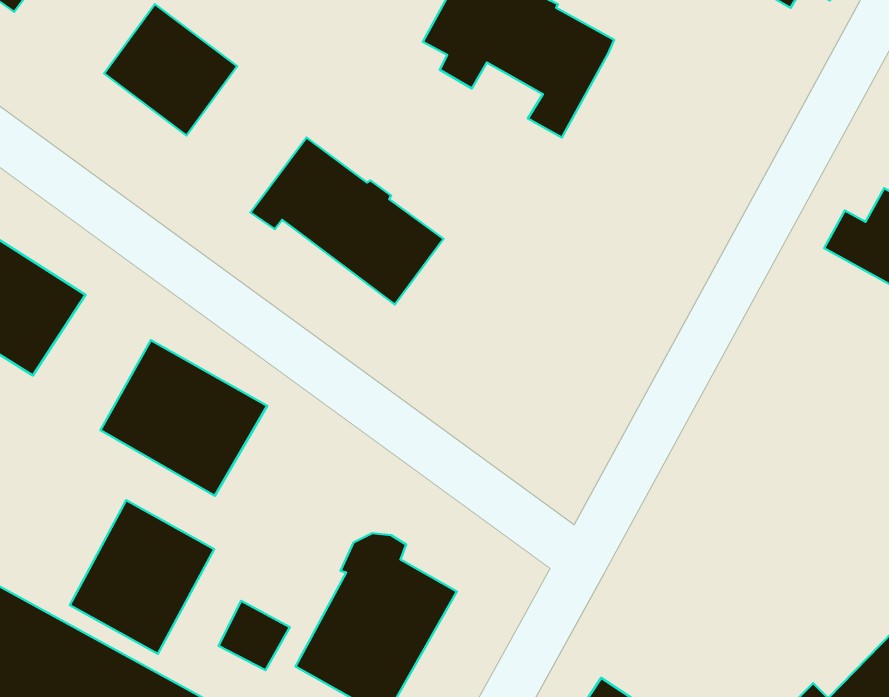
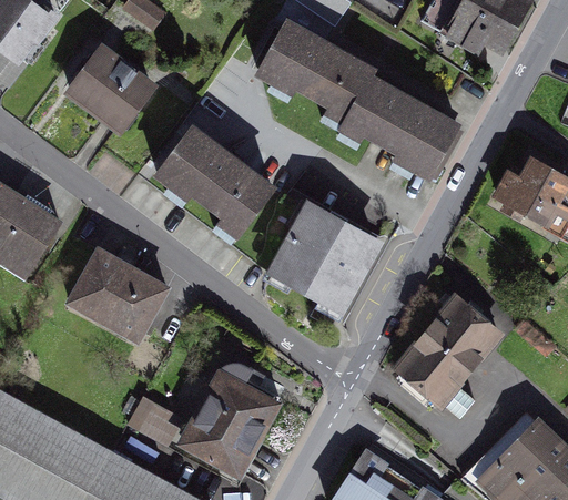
building: none -> [338,80,457,176]
building: none -> [276,203,375,325]
building: none -> [394,298,499,419]
building: [70,500,214,654] -> none

